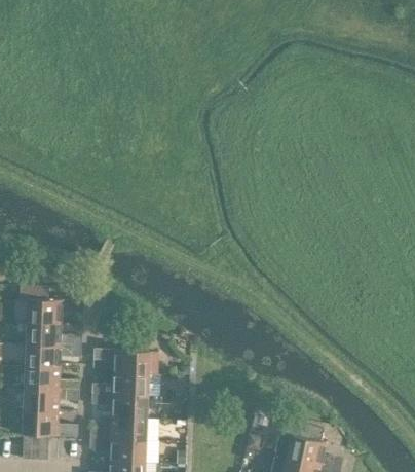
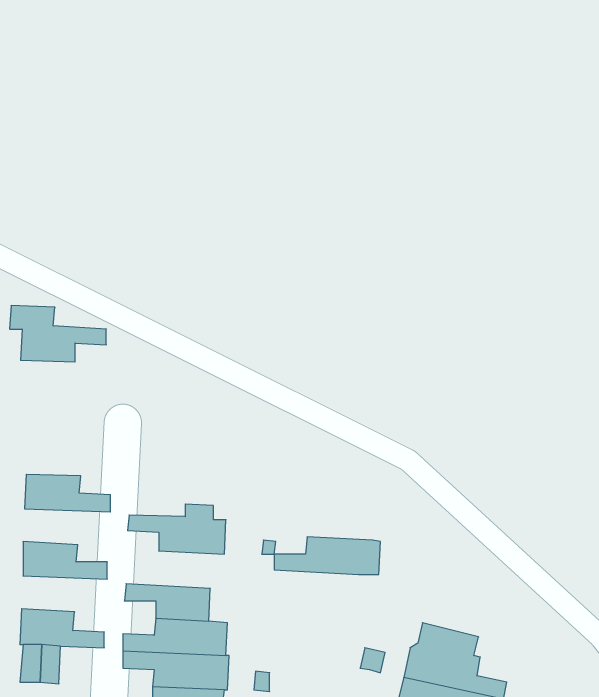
building: [18,287,82,324] -> [10,306,106,362]
building: [24,346,81,369] -> none
building: [91,373,161,398] -> [274,537,380,574]
building: [23,390,79,413] -> none

